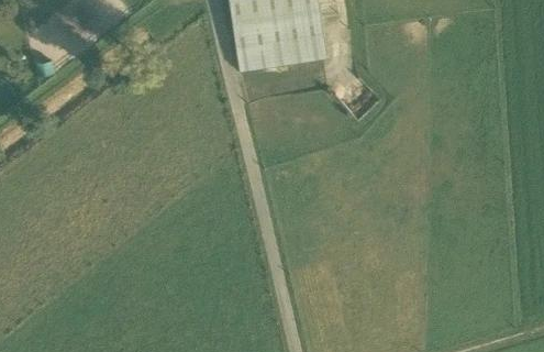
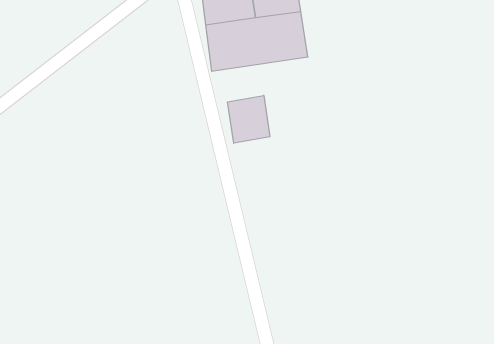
building: none -> [228,95,270,143]

